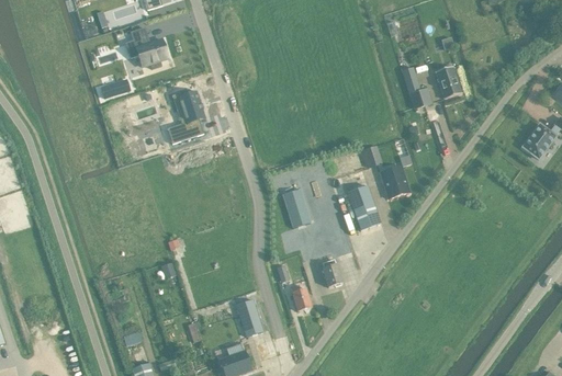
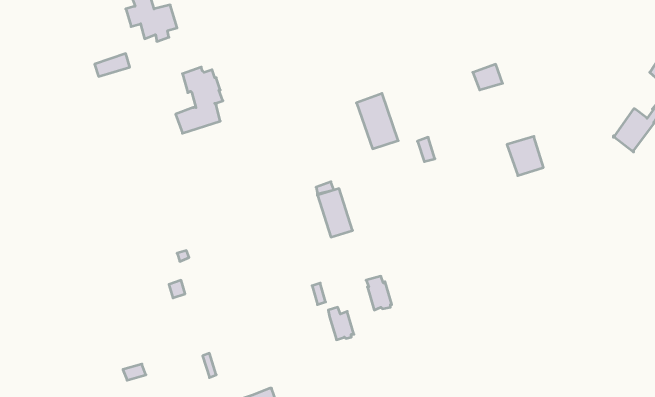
building: [436,66,461,99] -> none
building: [380,167,409,198] -> [507,136,543,176]
building: [347,185,381,230] -> [356,93,398,149]
building: [236,299,263,337] -> none

